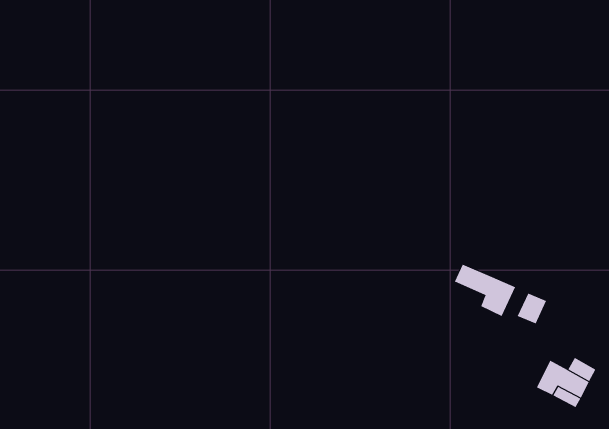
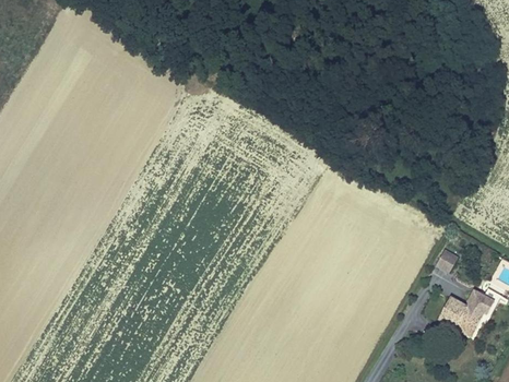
building: [454,264,516,317] -> none

